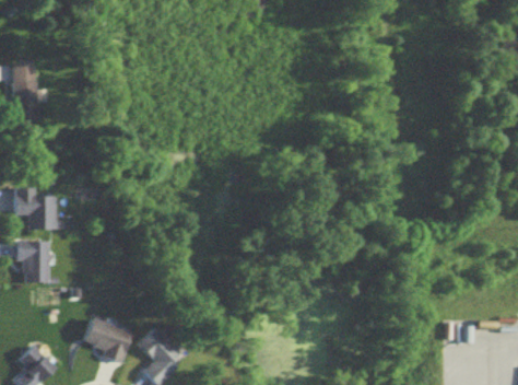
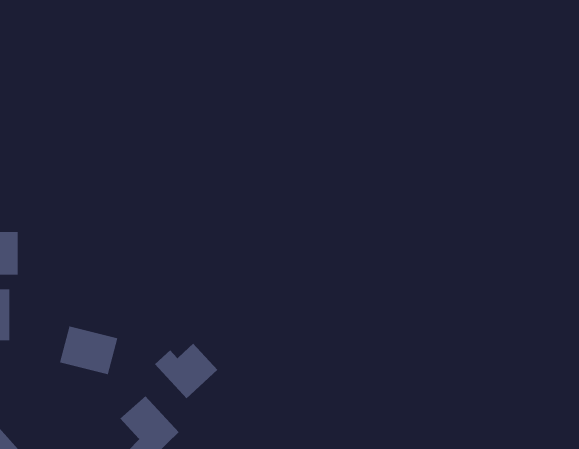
building: none -> [154,343,218,399]
building: [84,319,131,359] -> [59,326,118,375]

